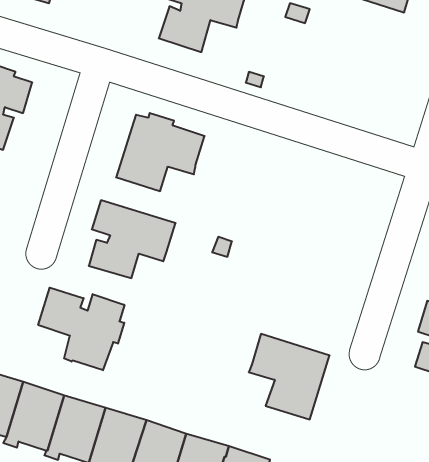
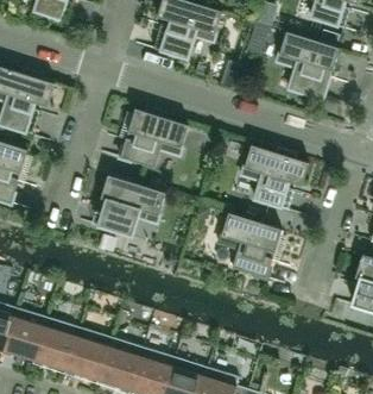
building: none -> [277,32,340,98]
building: none -> [241,145,309,211]
building: [38,288,124,370] -> none
building: [249,334,330,419] -> [219,213,282,280]

